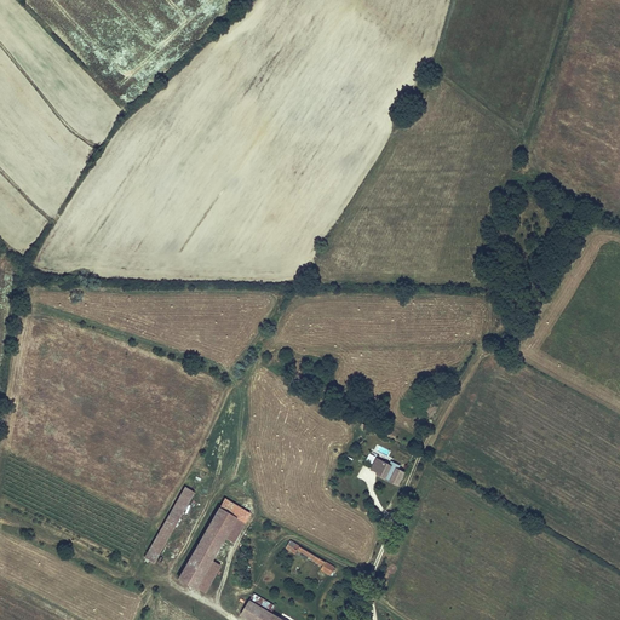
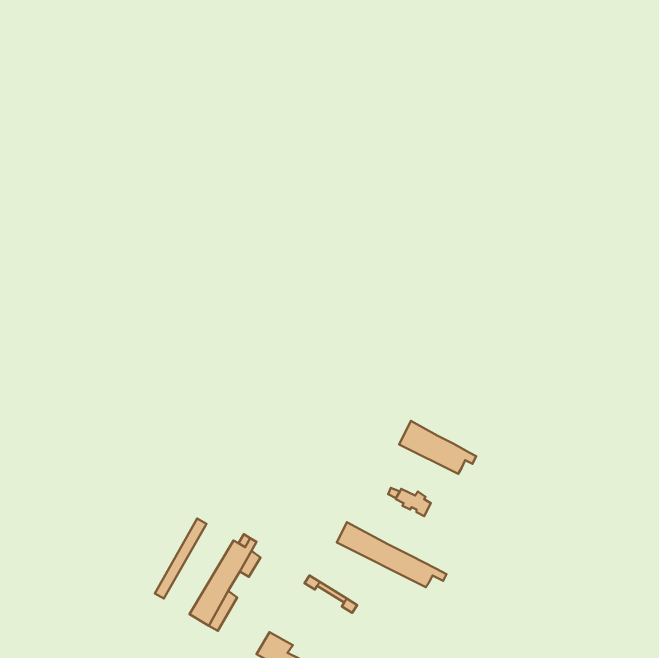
building: none -> [399,421,476,474]
building: none -> [337,522,446,587]

